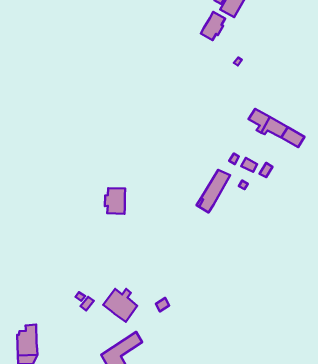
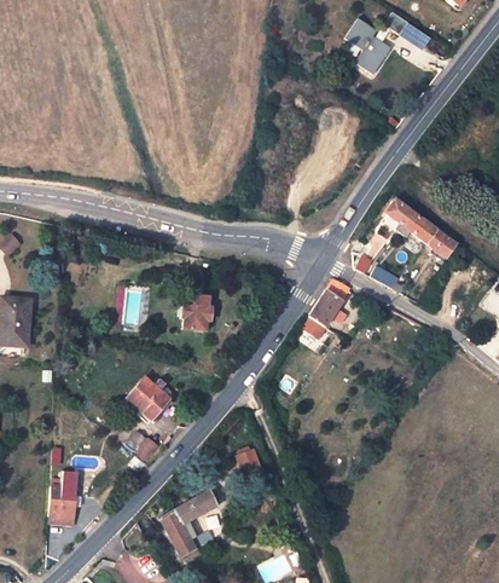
building: [201,12,225,40] -> none
building: [103,289,137,322] -> [127,376,173,422]

